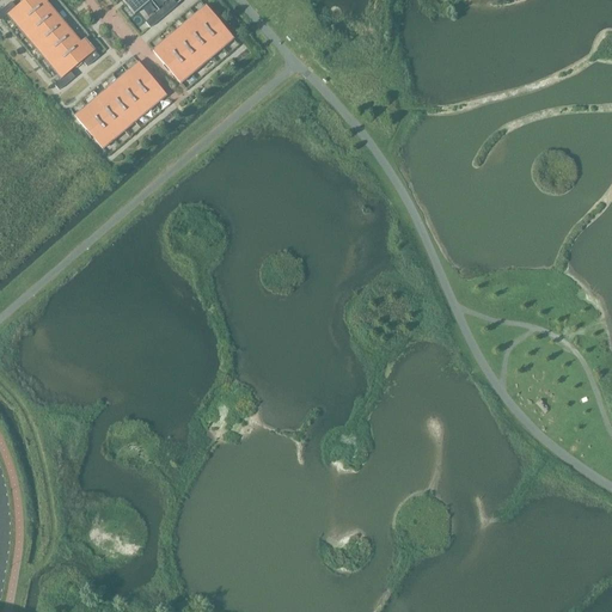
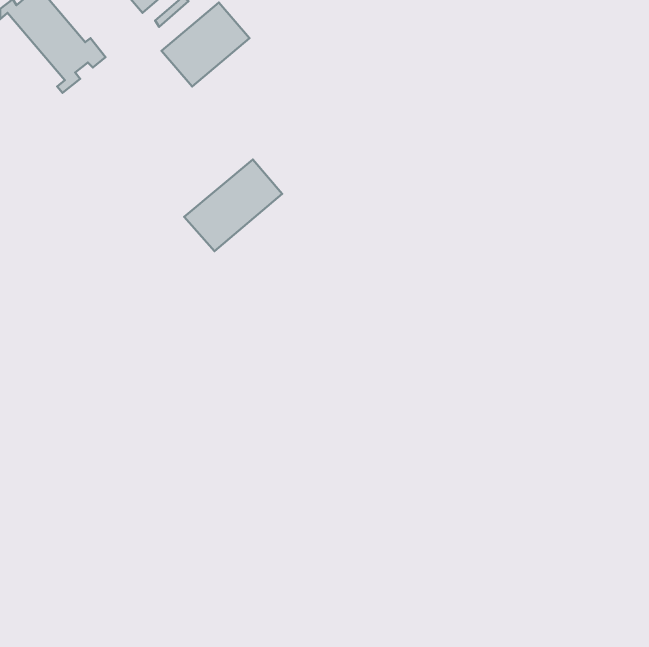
building: [75,60,167,146] -> [184,159,282,251]

